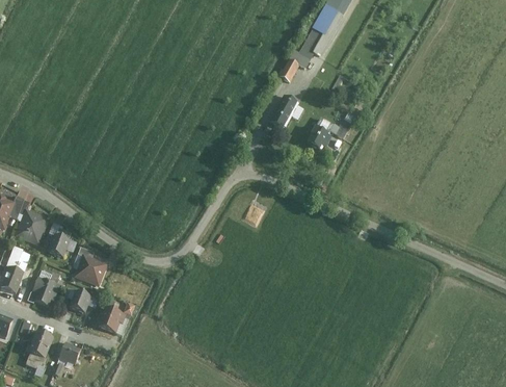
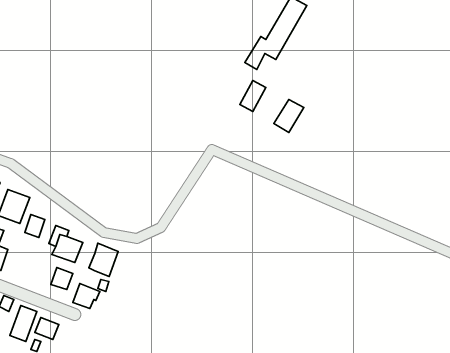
building: none -> [89,243,118,276]
building: [32,278,57,304] -> none

